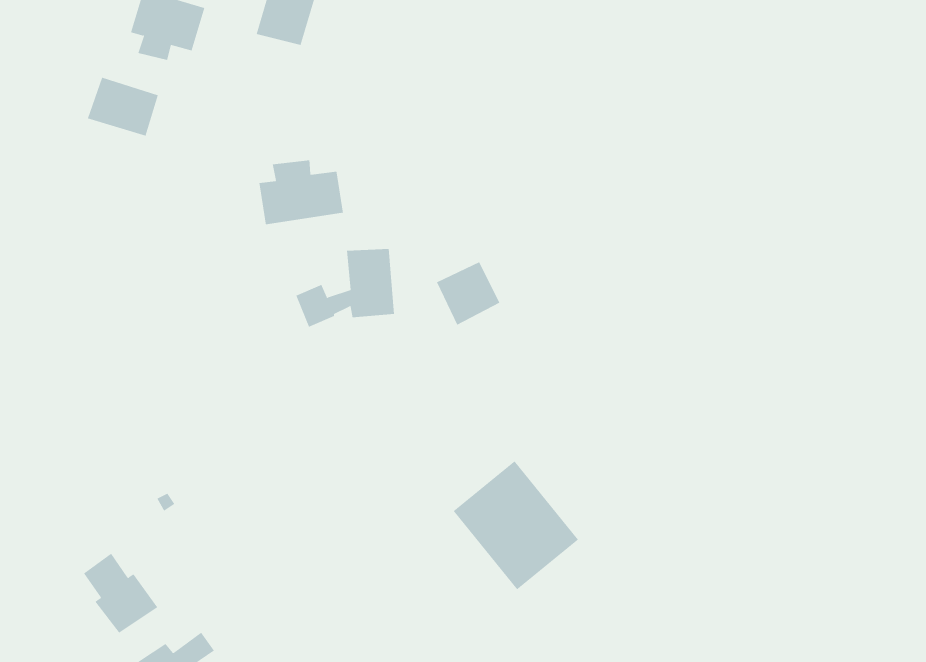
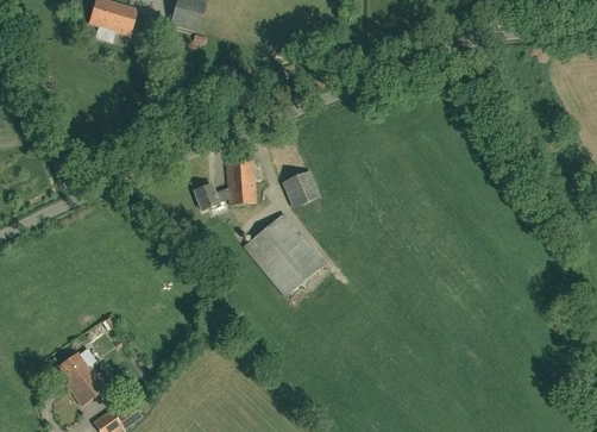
building: [87,77,158,137] -> none
building: [259,159,343,225] -> none
building: [453,461,579,590] -> [244,213,323,295]

